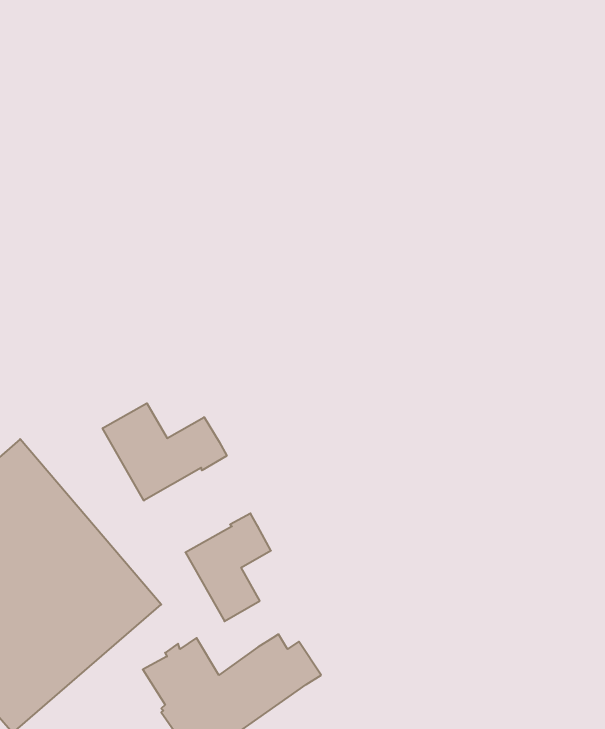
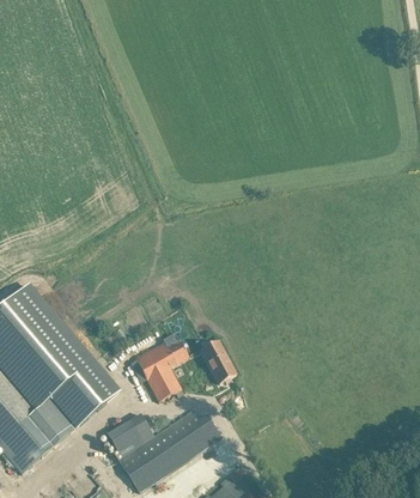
building: [103,403,227,501] -> none
building: none -> [201,341,235,382]

